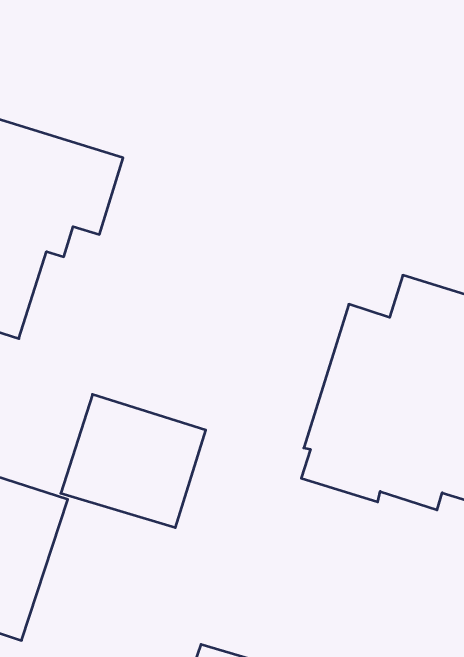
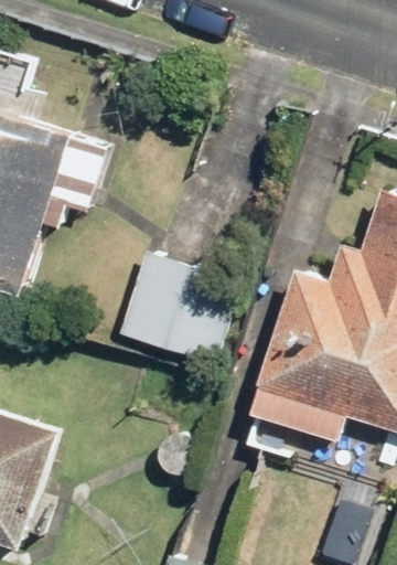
building: [61,394,206,528] -> [116,252,237,363]

